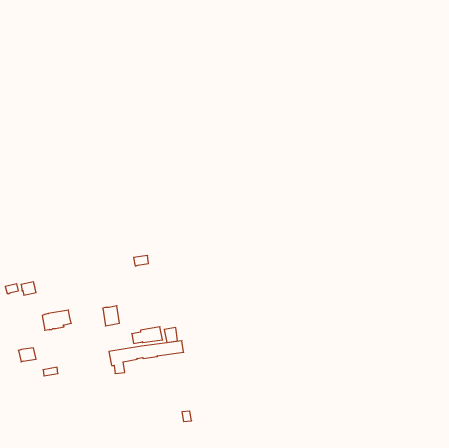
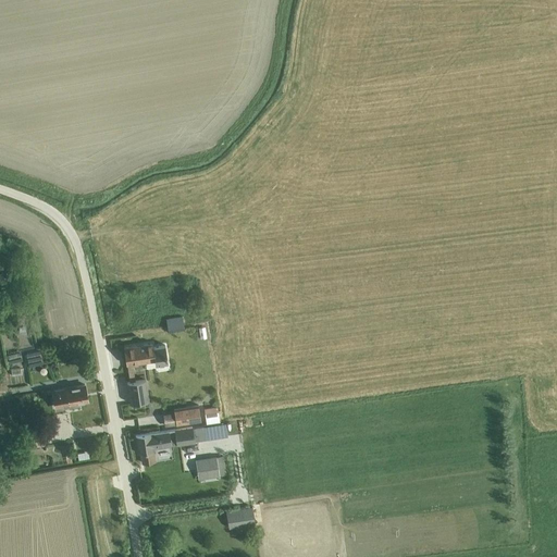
building: none -> [124,344,168,366]
building: none -> [196,457,220,480]

